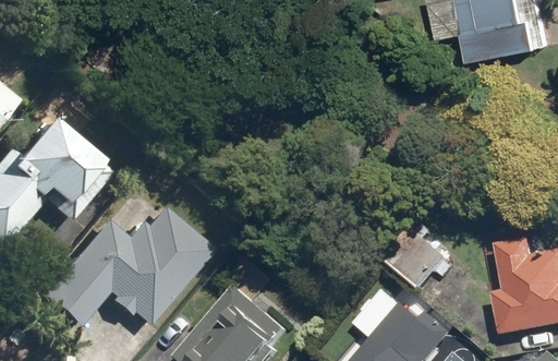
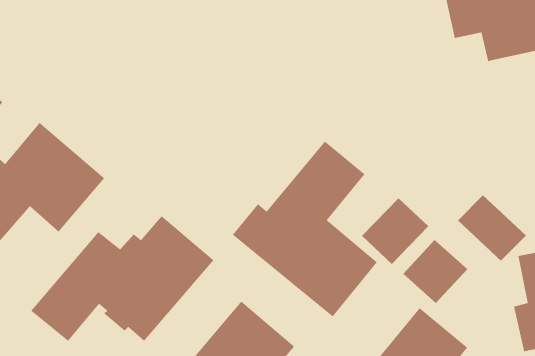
building: none -> [232,141,378,318]
building: none -> [457,194,527,261]
building: none -> [361,197,429,265]

